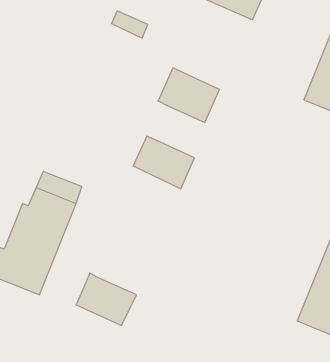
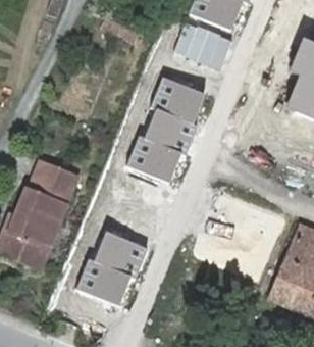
building: none -> [172,19,228,69]
building: none -> [142,106,195,154]
building: none -> [91,229,147,278]

